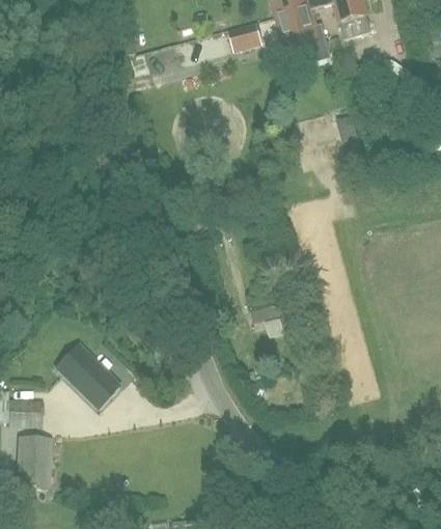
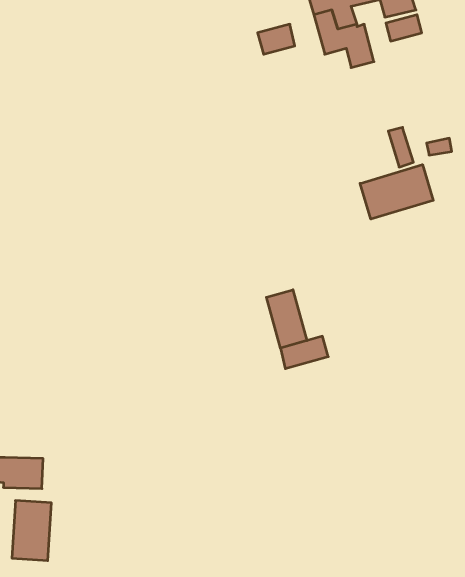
building: none -> [360,165,433,219]
building: none -> [266,290,307,348]
building: [56,343,118,405] -> none

